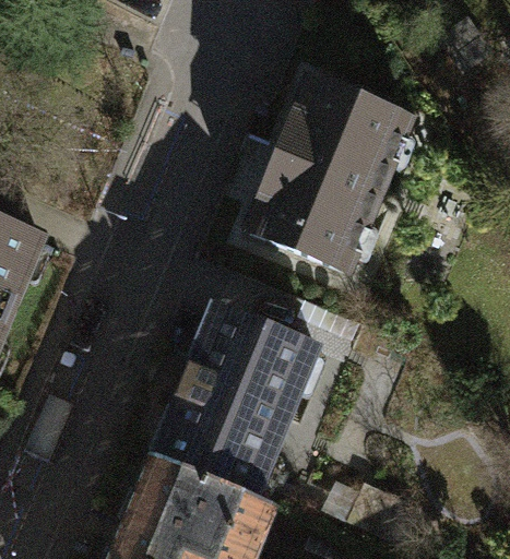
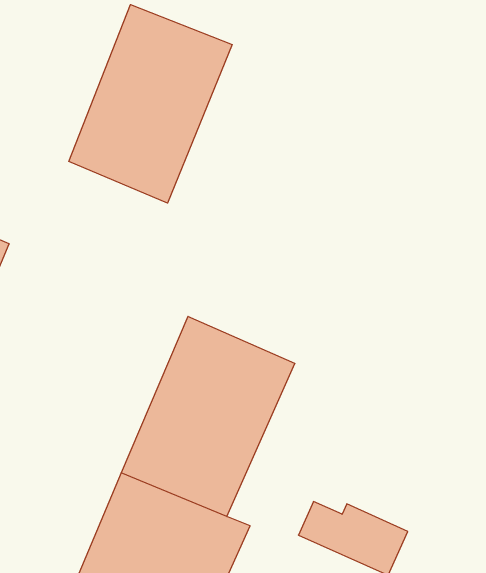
building: none -> [69,5,232,203]
building: [241,74,413,276] -> none

